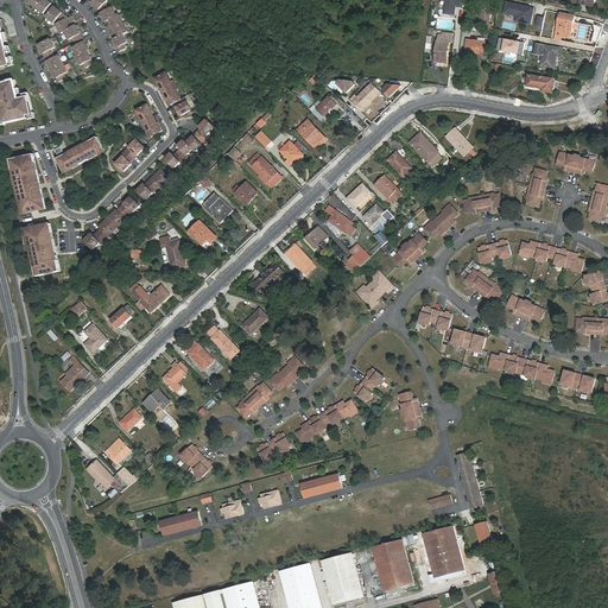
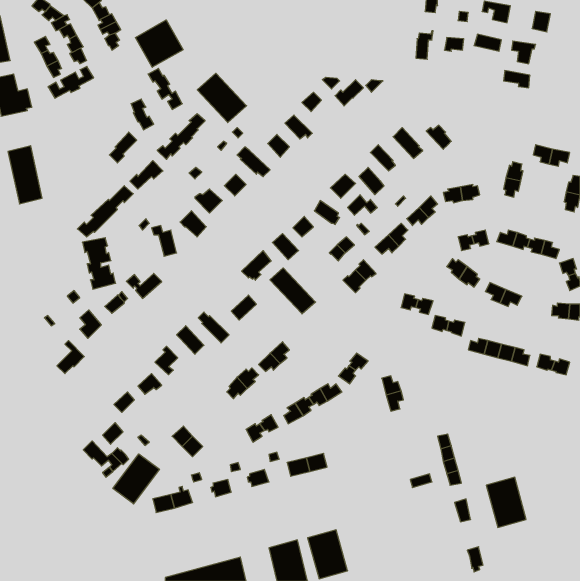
building: none -> [135,20,183,67]
building: none -> [197,73,247,123]
building: [55,135,102,169] -> [48,66,94,98]
building: [24,222,58,276] -> [82,238,116,289]
building: none -> [270,268,316,314]
building: none -> [113,454,159,504]
building: [422,525,463,577] -> [486,477,526,527]
building: [372,539,412,590] -> none

